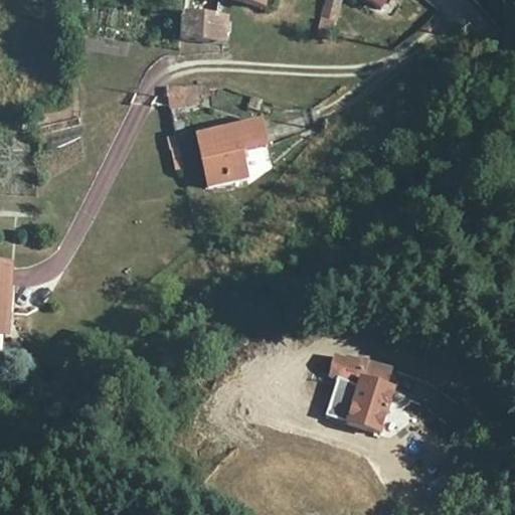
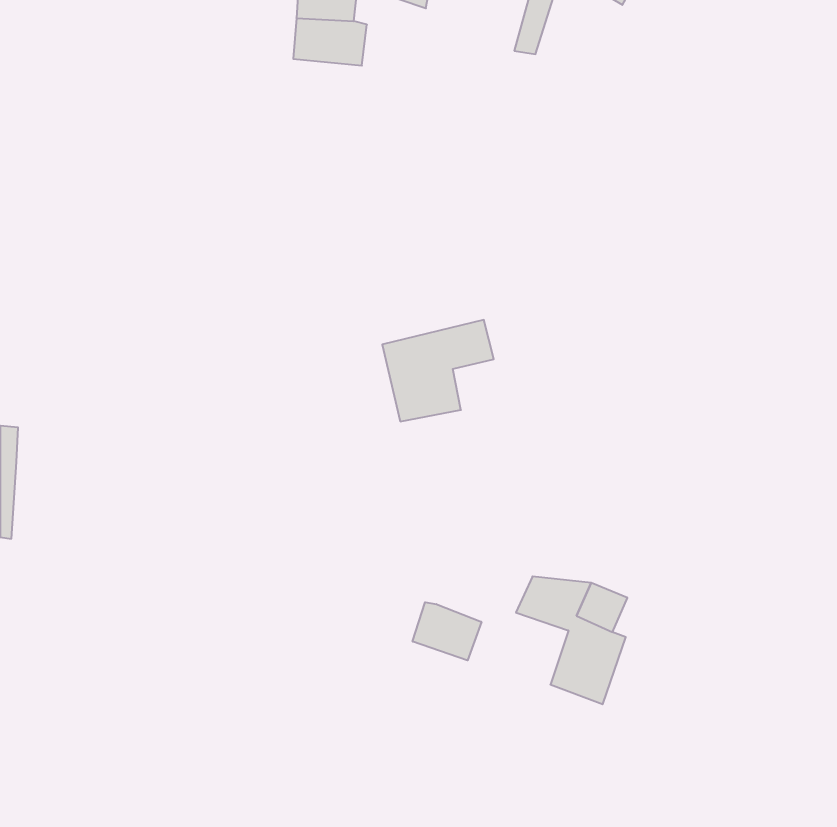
building: [198,120,267,182] -> [382,320,494,421]
building: none -> [413,602,481,660]

